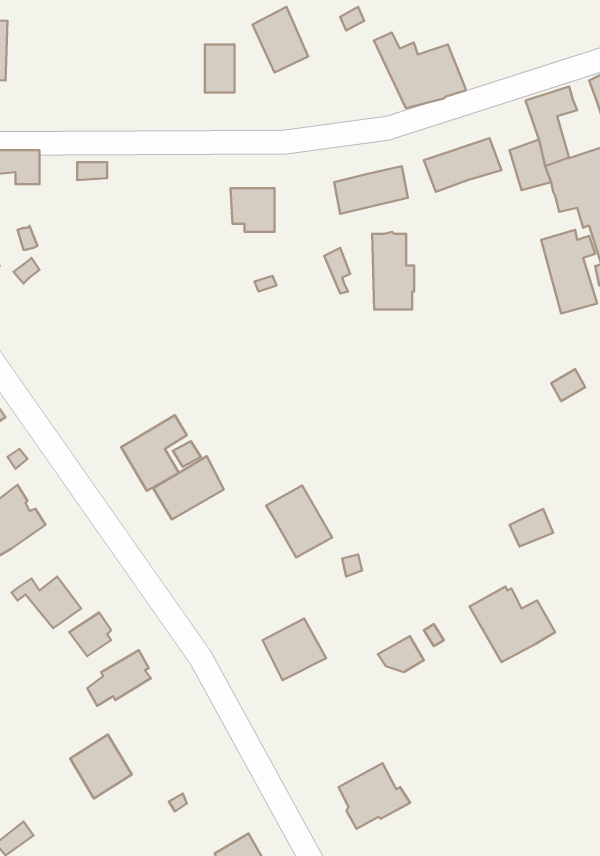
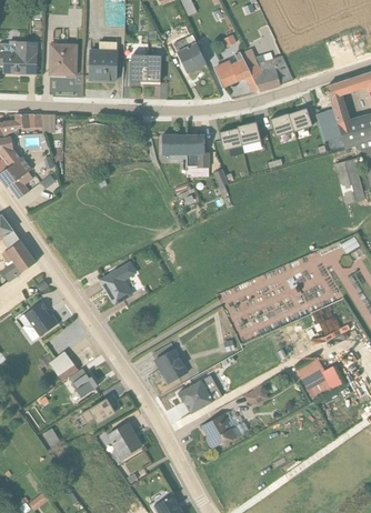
building: none -> [89,41,117,80]
building: none -> [48,42,77,76]
building: none -> [213,50,258,91]
building: none -> [130,54,147,81]
building: [372,232,414,309] -> [185,133,209,177]
building: [153,456,224,519] -> none
building: [266,486,332,557] -> [151,342,188,382]
building: [70,735,132,798] -> [107,422,141,457]
building: [339,763,410,829] -> [201,411,241,447]

